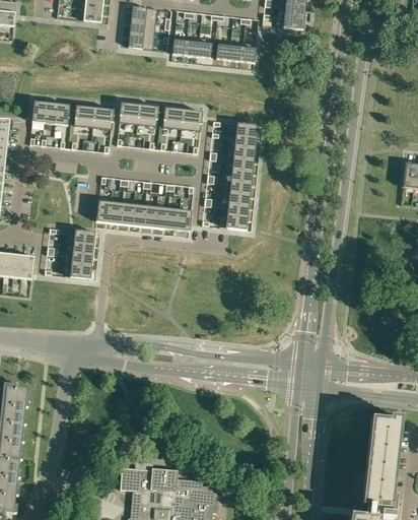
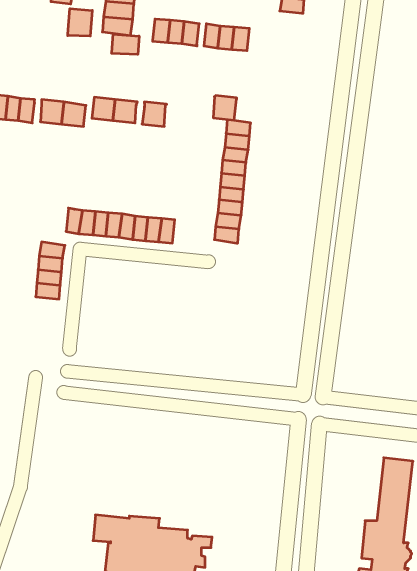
building: none -> [68,9,92,36]
building: none -> [112,34,139,54]
building: [182,110,202,131] -> [213,96,237,120]

